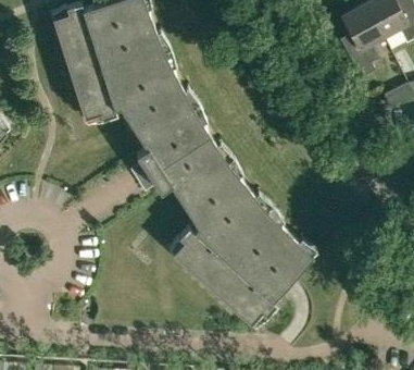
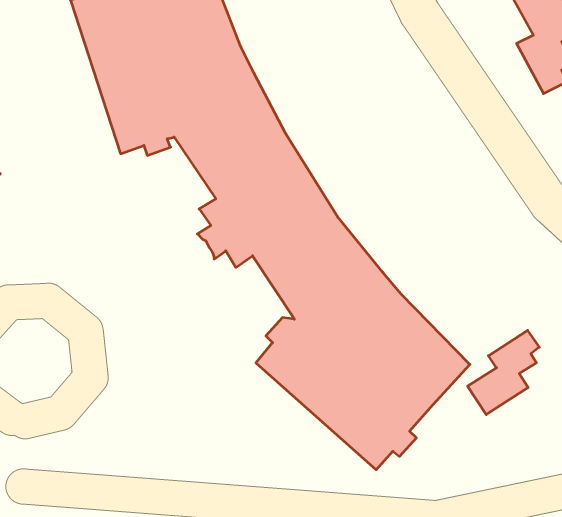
building: none -> [468,330,539,415]

